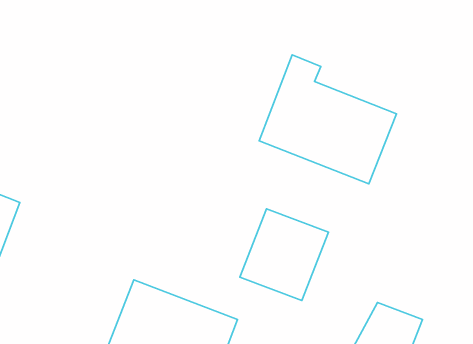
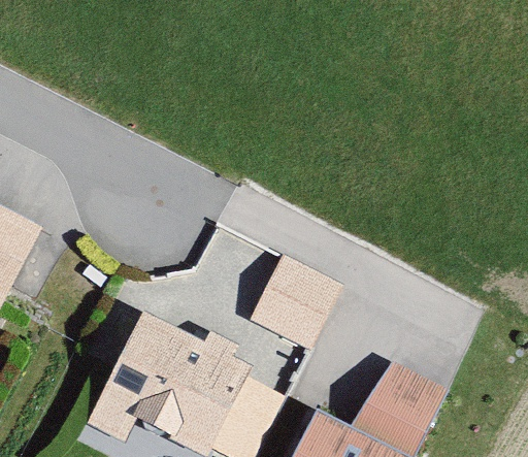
building: [259,55,397,184] -> none

